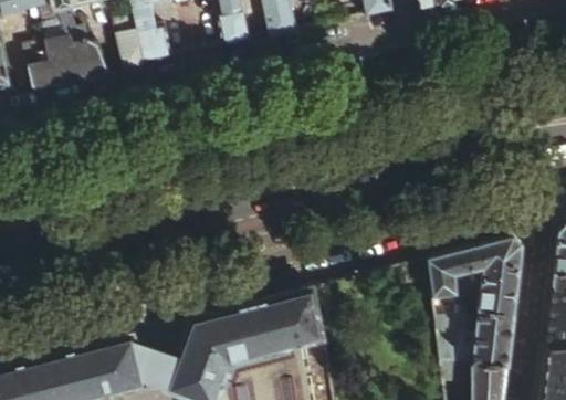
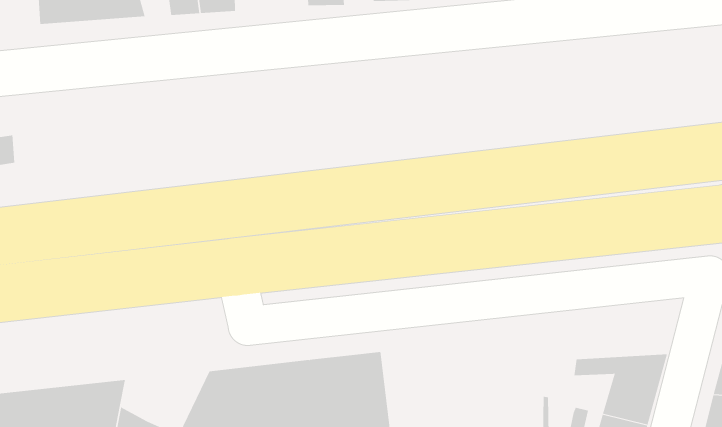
building: [427,238,520,298] -> none

